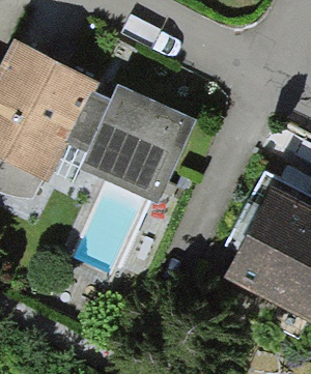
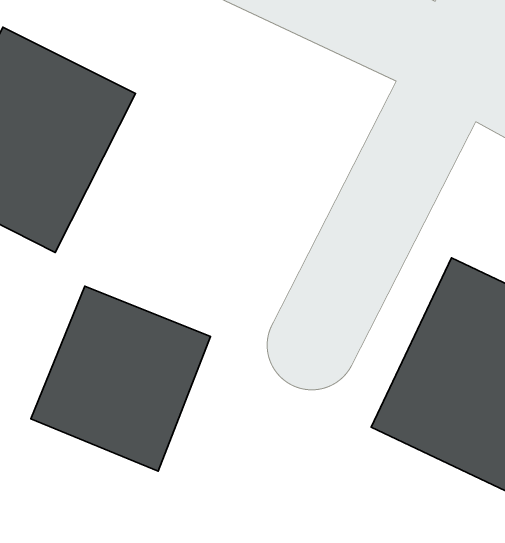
building: [86,90,193,200] -> [31,286,211,471]

